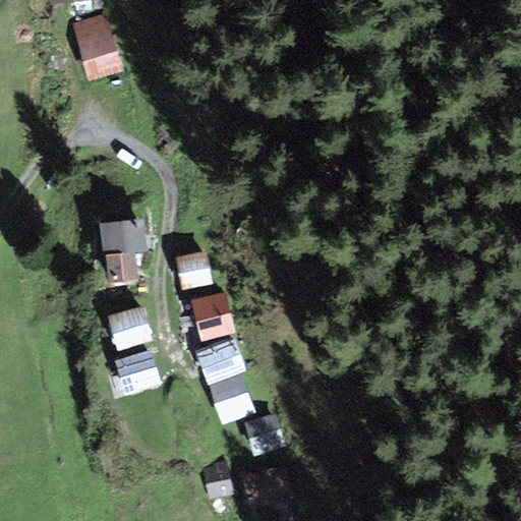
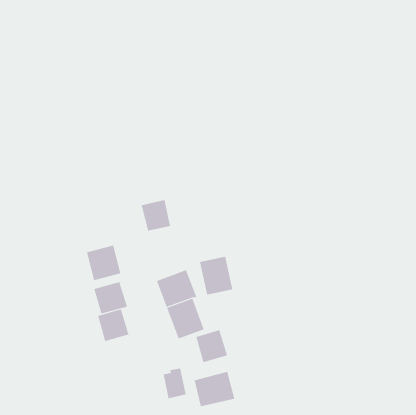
building: [71,14,122,80] -> none
building: [100,219,149,283] -> none
building: [191,291,234,340] -> [199,256,233,295]
building: none -> [98,309,130,342]

